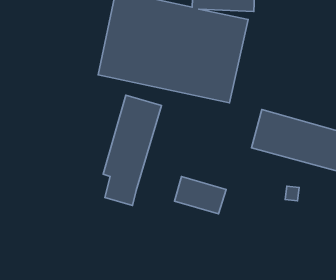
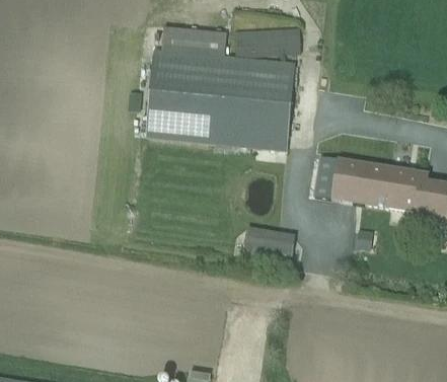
building: [103,95,161,206] -> none

